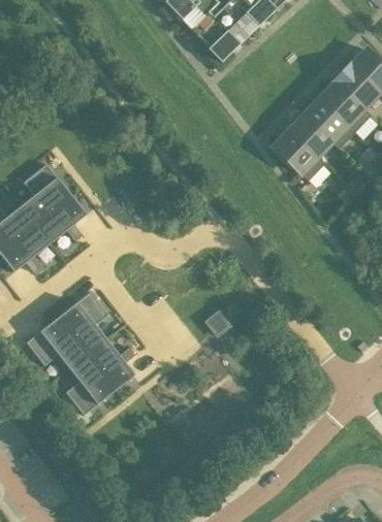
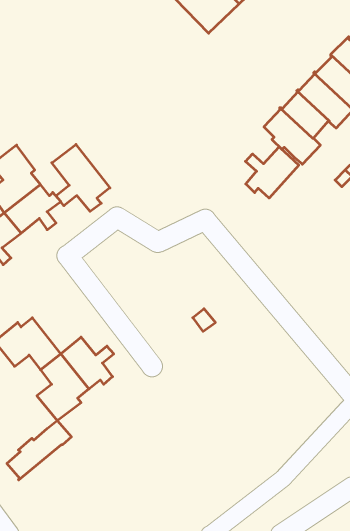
building: none -> [52,144,110,211]
building: none -> [245,147,299,198]
building: [61,290,108,353] -> none
building: none -> [7,421,71,480]

